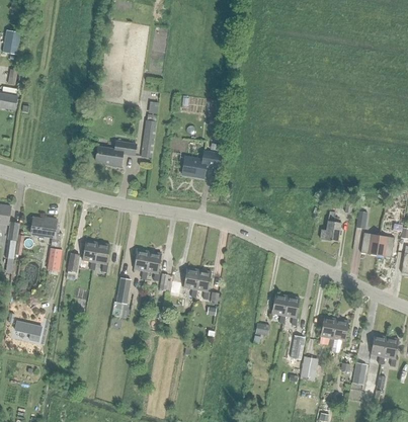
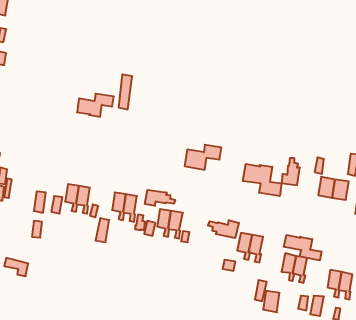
building: [181,151,222,178] -> [185,145,221,170]
building: [30,217,62,247] -> none
building: none -> [243,164,281,196]
building: none -> [145,190,175,206]
building: none -> [208,220,239,238]
building: none -> [284,235,321,260]

